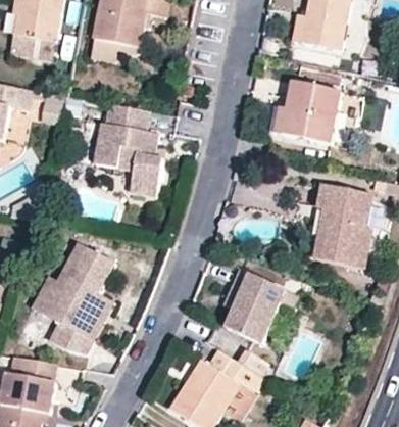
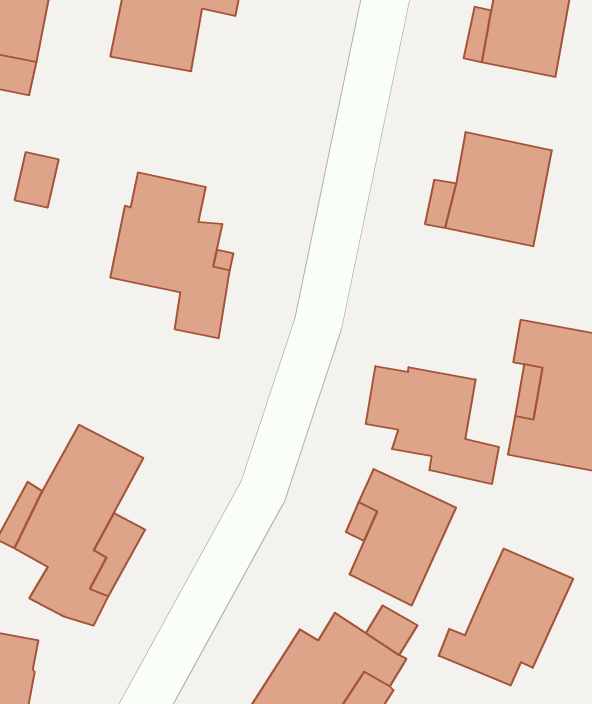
building: none -> [366,366,499,484]
building: none -> [439,549,573,686]

